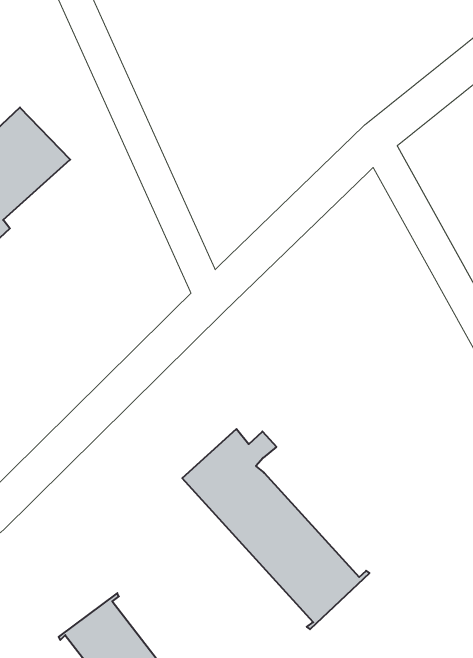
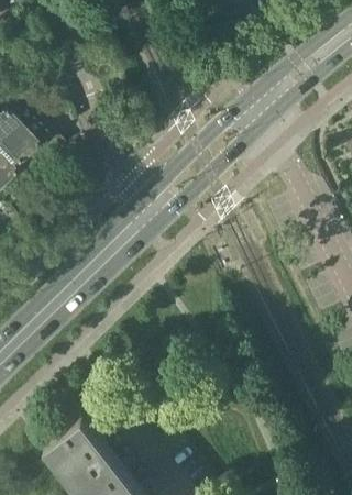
building: [182,429,369,629] -> none

